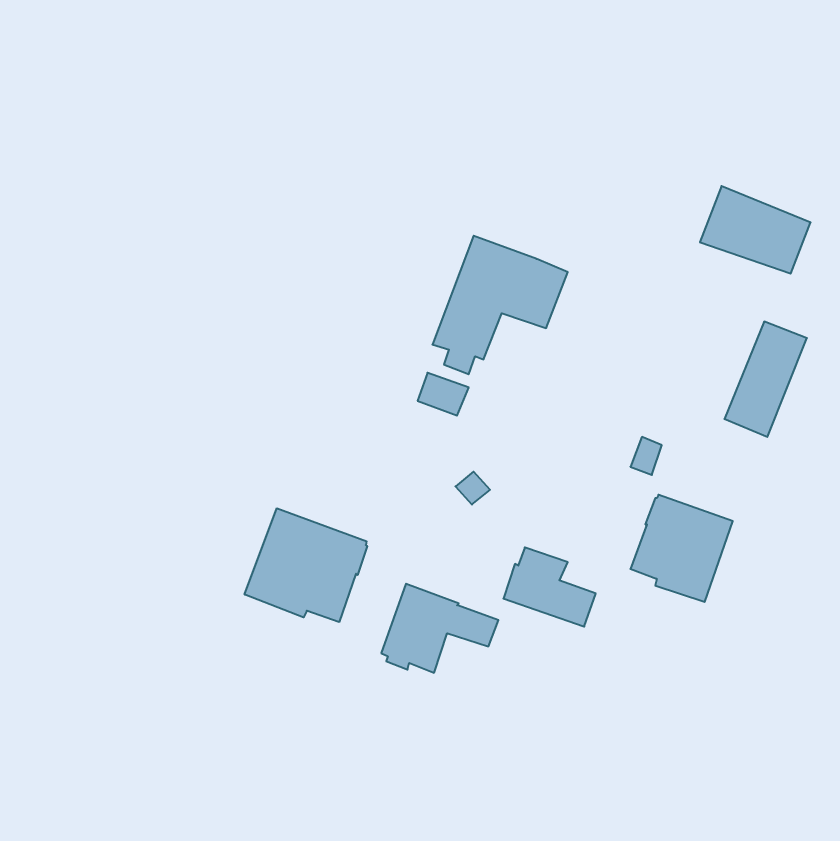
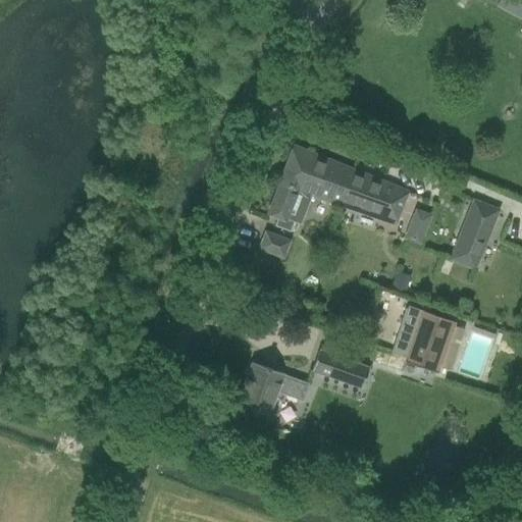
building: [700,186,811,274] -> [340,168,408,222]
building: none -> [401,205,433,244]
building: [245,508,367,622] -> none

